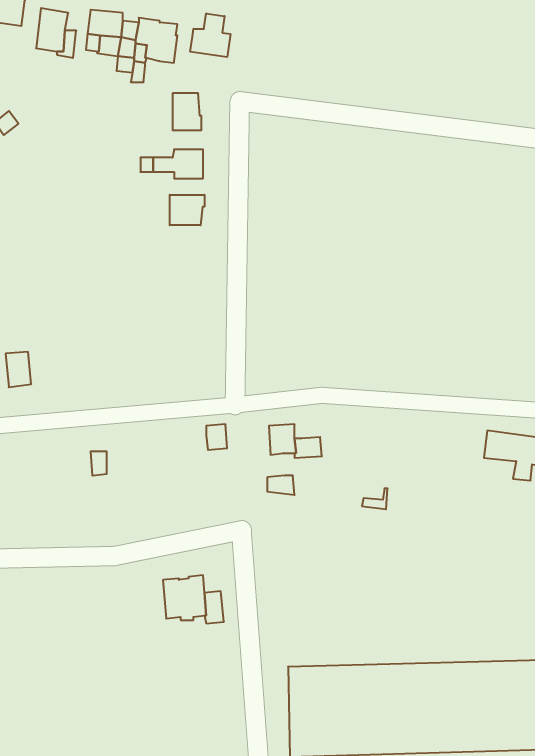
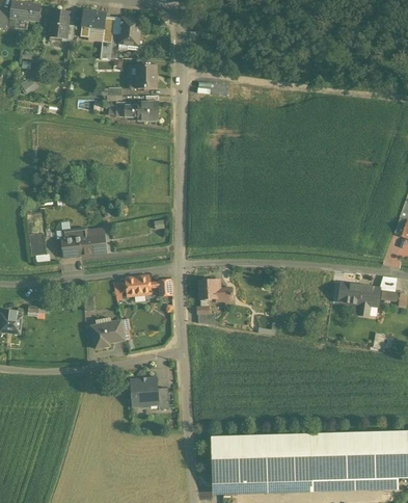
building: [190,13,230,57] -> none
building: [170,195,204,225] -> none
building: none -> [61,227,105,256]
building: none -> [125,273,151,295]
building: none -> [91,322,124,348]

